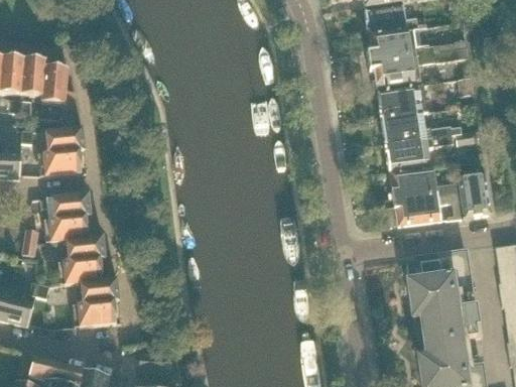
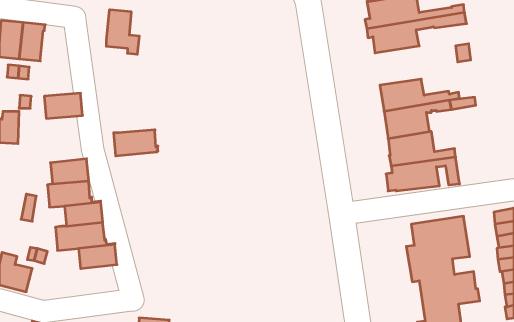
building: [40,63,74,108] -> [106,10,139,54]
building: [376,83,426,118] -> none
building: [41,148,86,174] -> [114,130,158,156]
building: [450,160,489,216] -> none
building: [76,297,120,325] -> none

